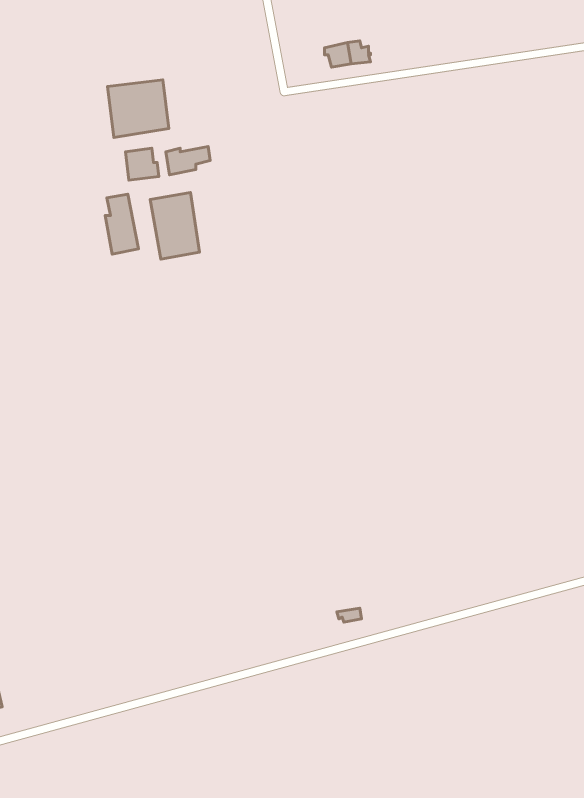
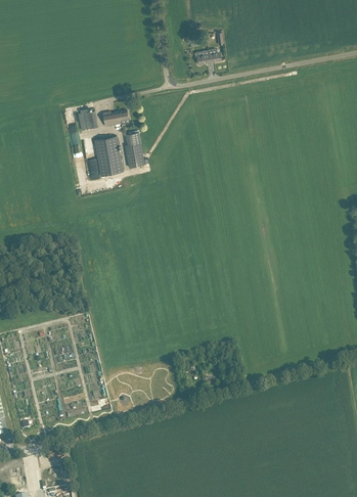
building: [107,80,169,138] -> none
building: [105,194,139,254] -> [125,132,144,167]

